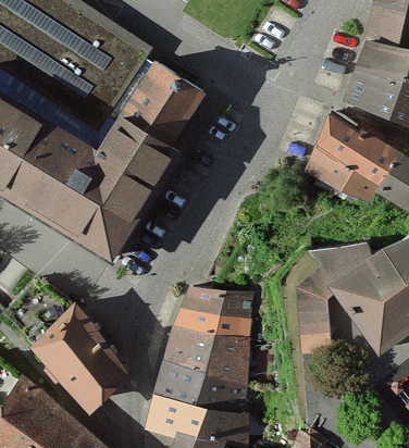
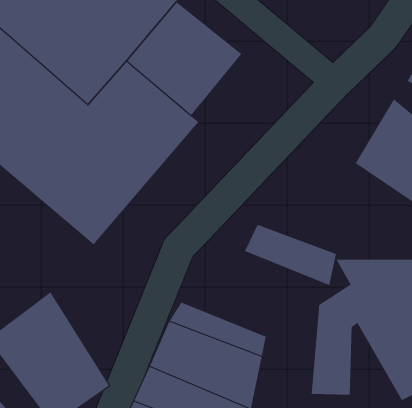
building: [182,277,256,319] -> [244,224,337,286]

